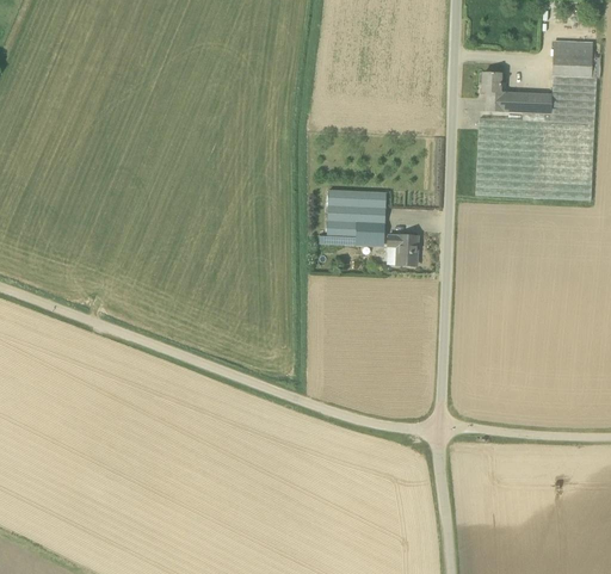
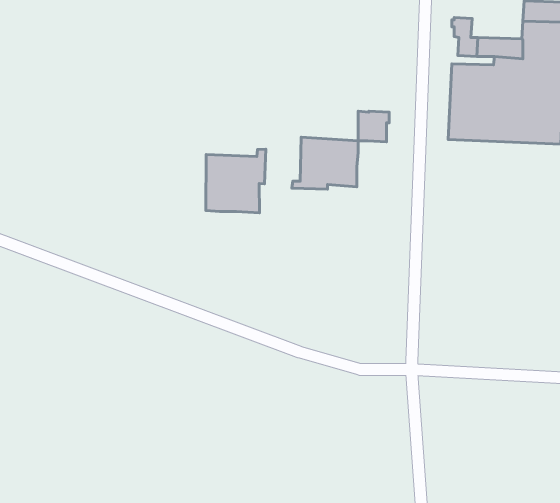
building: none -> [206,149,266,213]
building: [388,232,419,263] -> [358,111,389,142]

